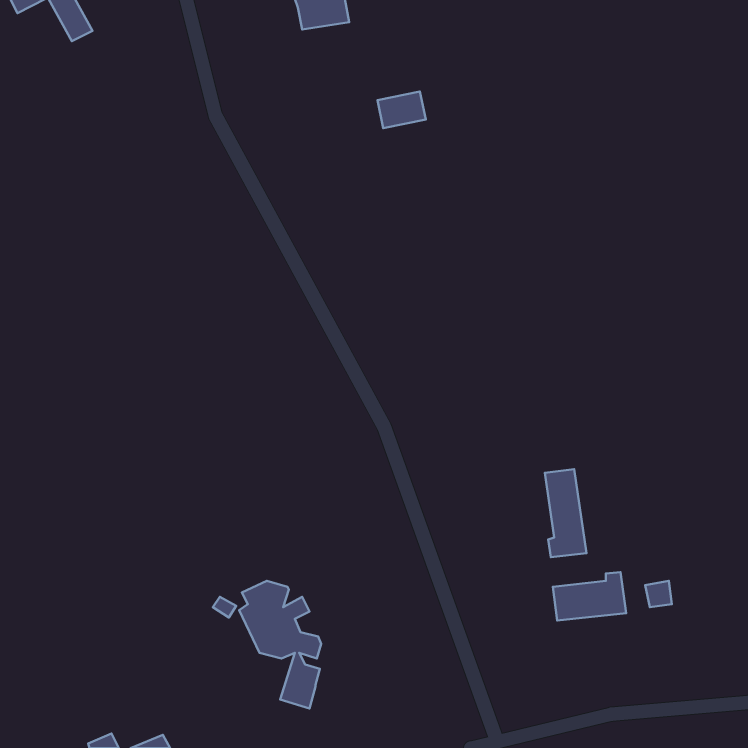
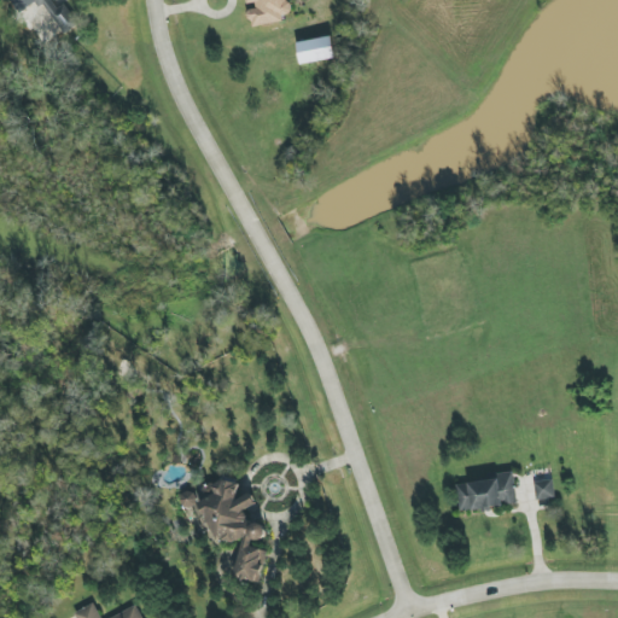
building: [377,91,426,128] -> [295,34,334,64]
building: [545,469,586,557] -> none

